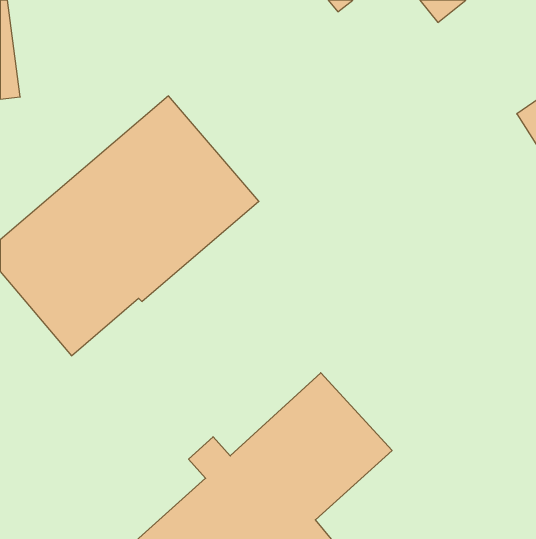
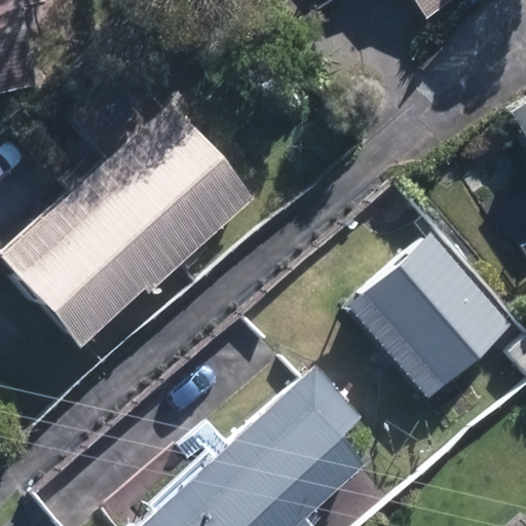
building: none -> [346,234,511,399]

